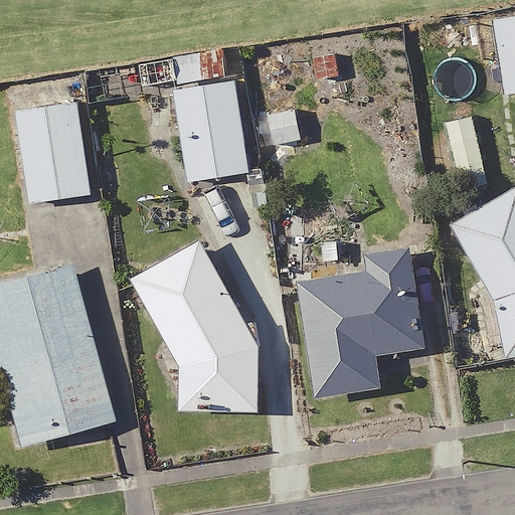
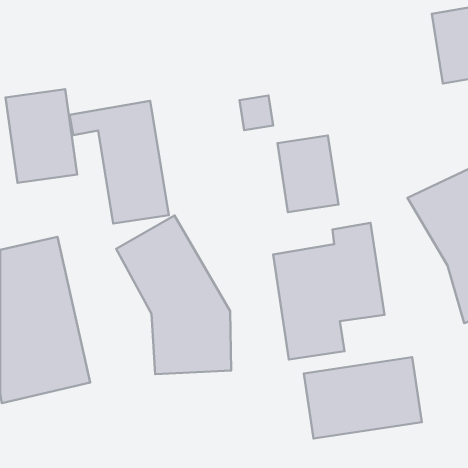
building: [142,50,249,183] -> [69,101,169,223]
building: none -> [277,135,338,212]
building: none -> [304,357,422,439]

